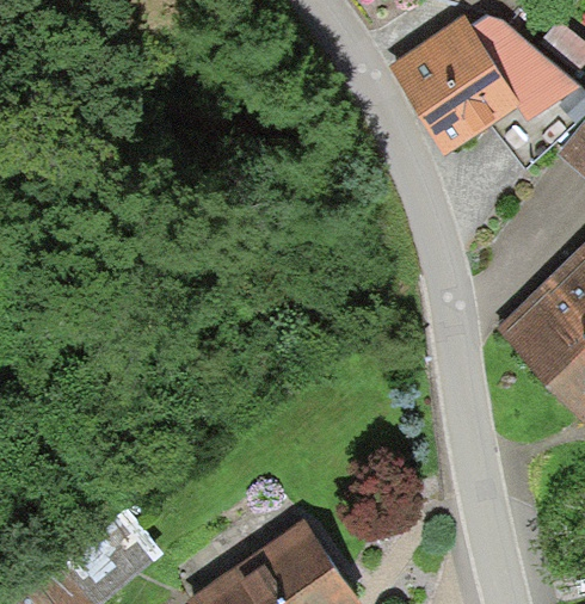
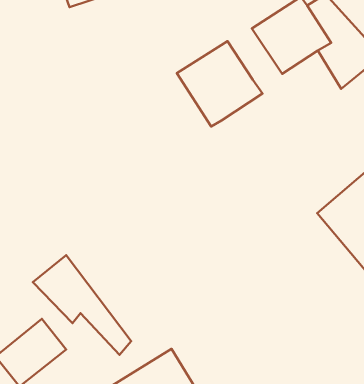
building: none -> [177,41,262,126]
building: none -> [33,255,131,355]

